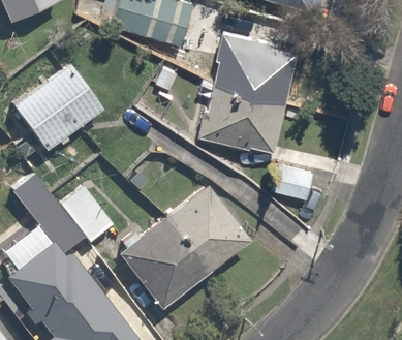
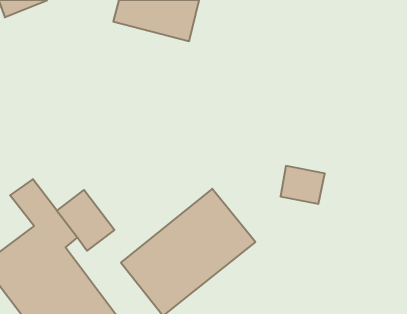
building: [198,33,298,152] -> none
building: [10,64,102,152] -> none

